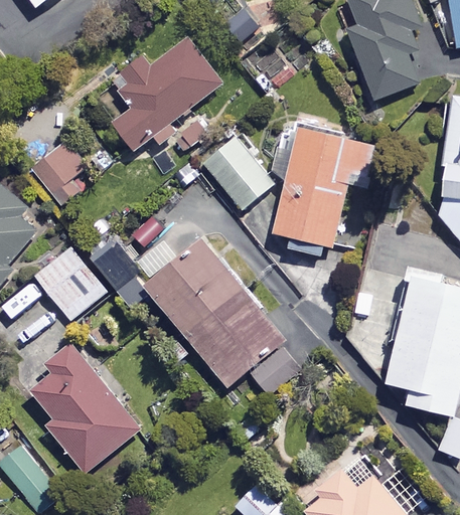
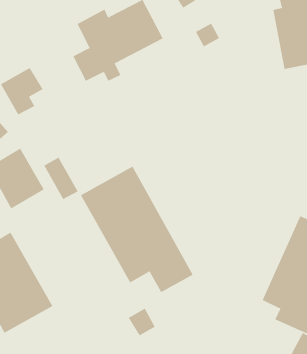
building: [271,124,378,258] -> none
building: [202,136,271,208] -> none

